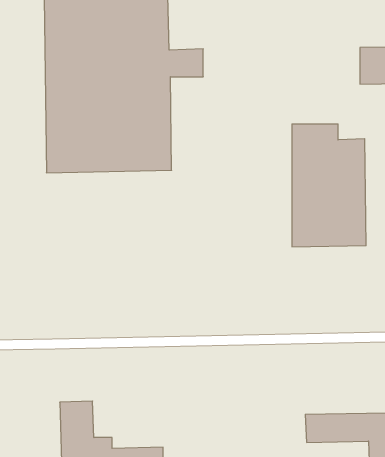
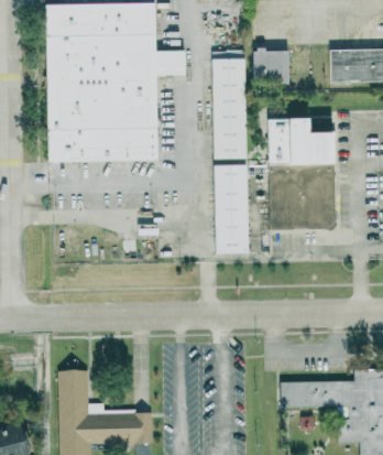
building: none -> [253,50,289,84]
building: none -> [211,51,248,160]
building: none -> [212,164,251,254]

